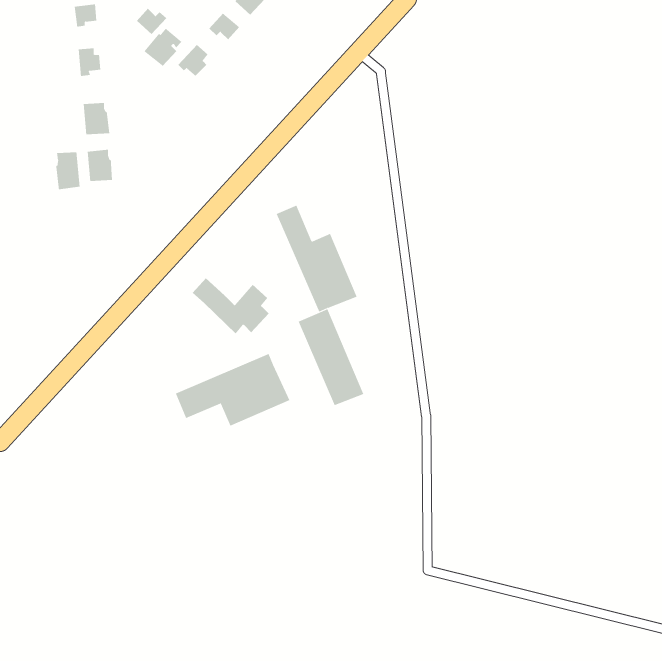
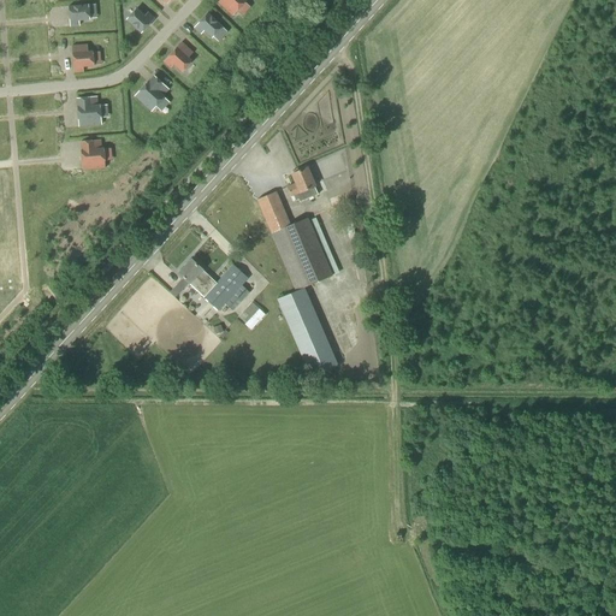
building: [143,28,182,67] -> [134,75,170,111]
building: [56,152,80,190] -> none
building: none -> [288,167,319,201]
building: [175,353,290,427] -> none

